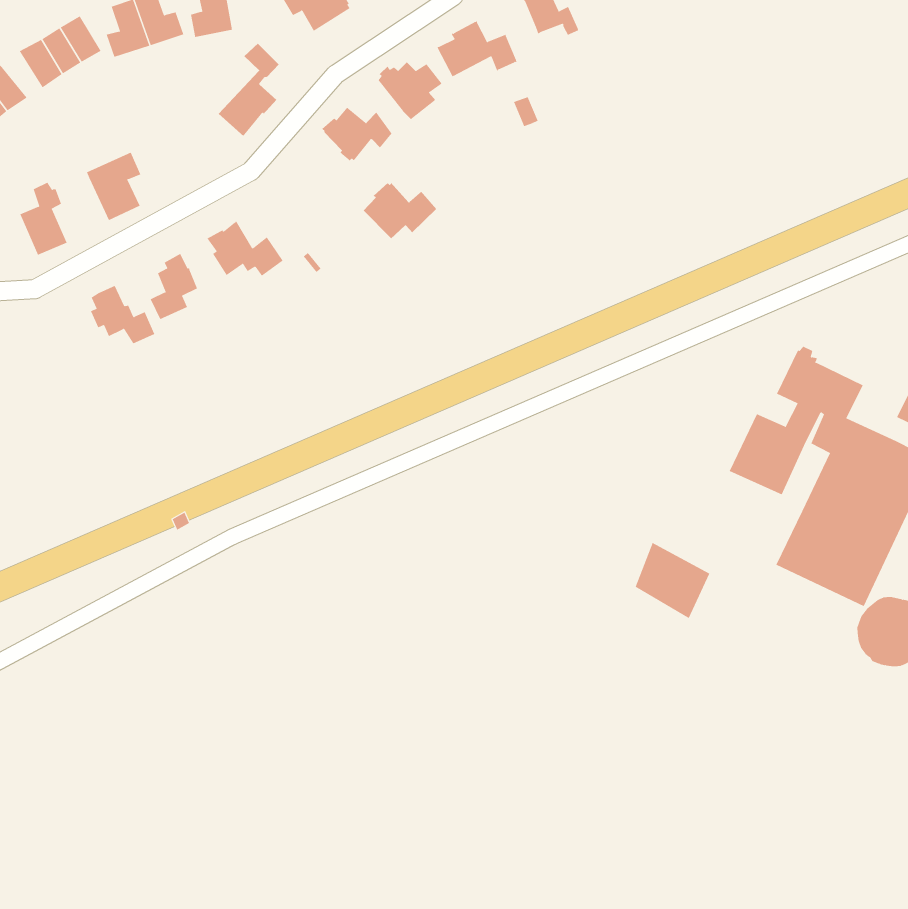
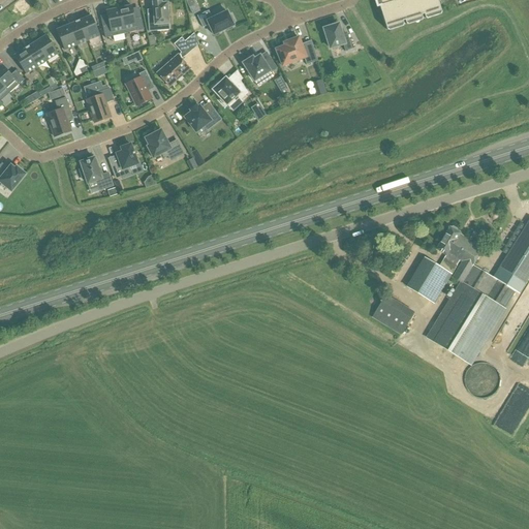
building: none -> [124,69,154,106]
building: [363,182,437,239] -> [182,101,221,131]
building: [635,542,710,619] -> [374,291,414,334]

